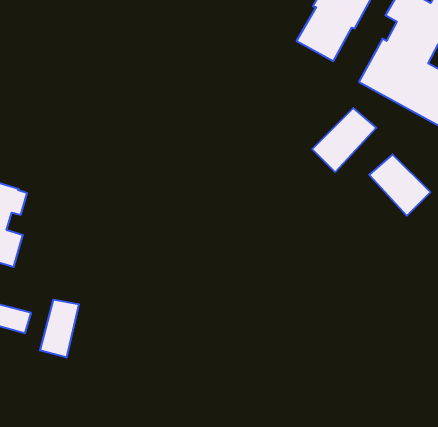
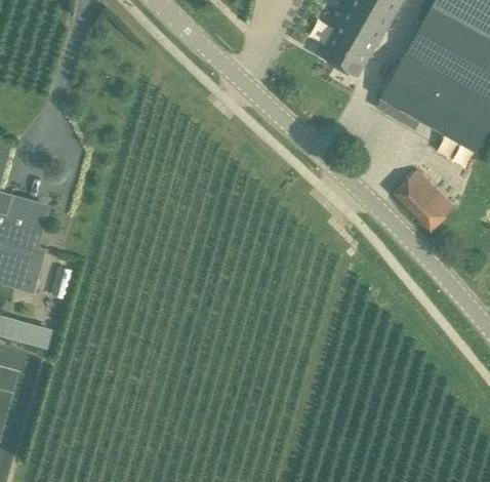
building: [312,108,376,172] -> none
building: [40,300,79,358] -> none

